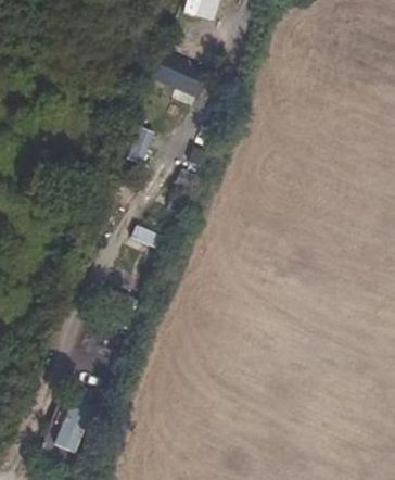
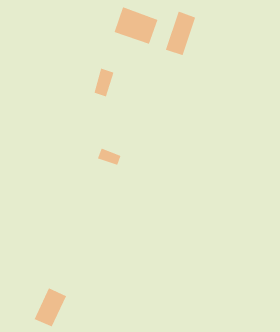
building: none -> [165,11,196,56]

